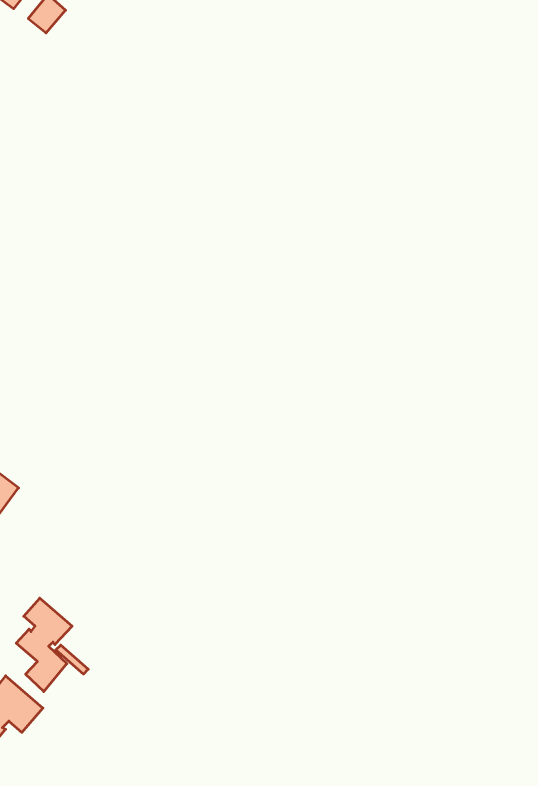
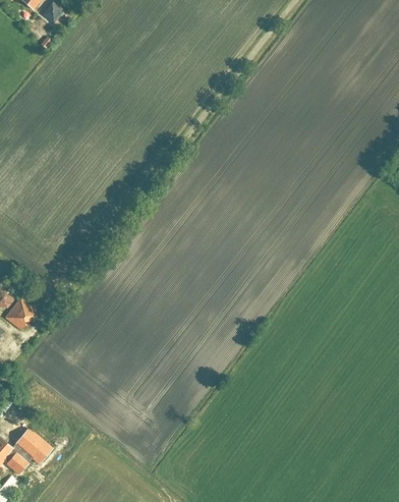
building: [16,598,72,692] -> none

